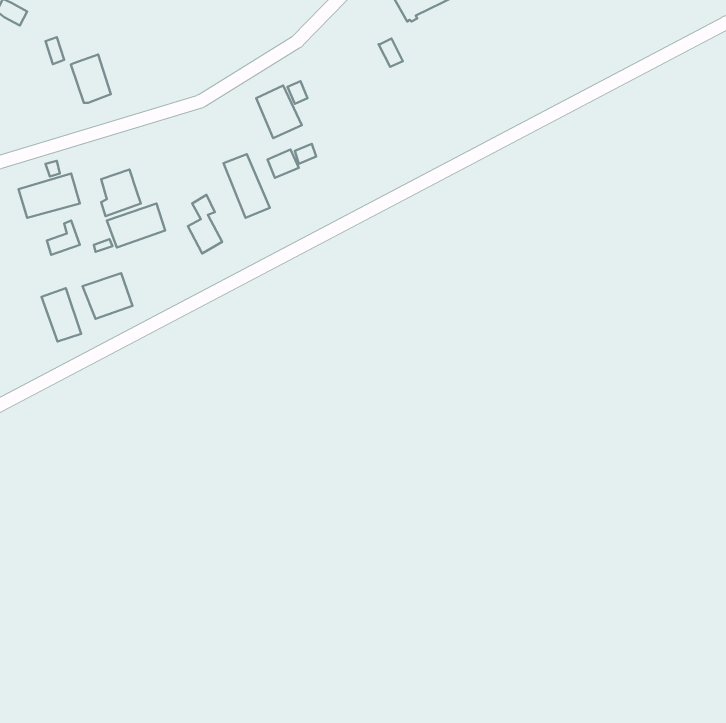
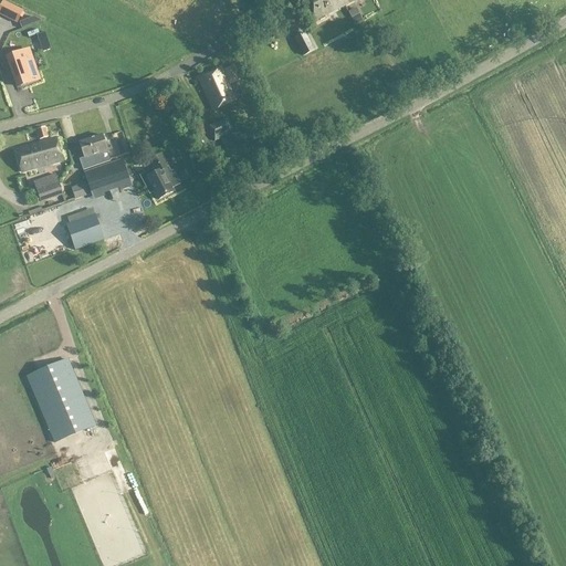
building: [71,54,111,103] -> [7,46,38,84]
building: [223,154,270,218] -> none
building: [41,288,81,342] -> none
building: none -> [25,358,94,441]

